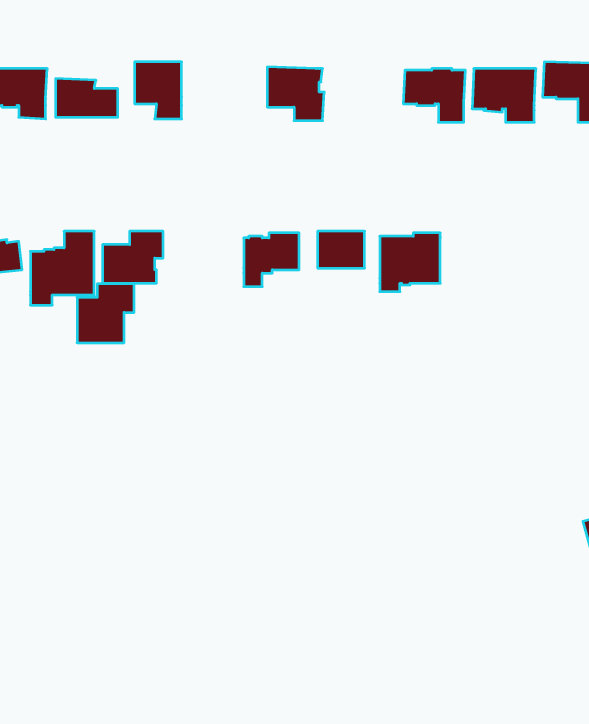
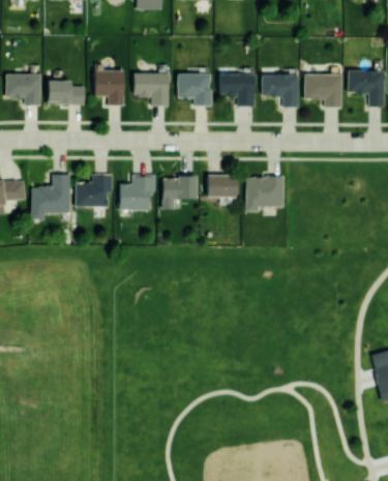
building: none -> [133,73,169,107]
building: none -> [219,74,255,108]
building: [77,284,134,343] -> [120,175,155,211]

